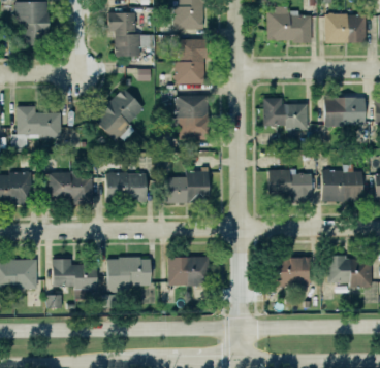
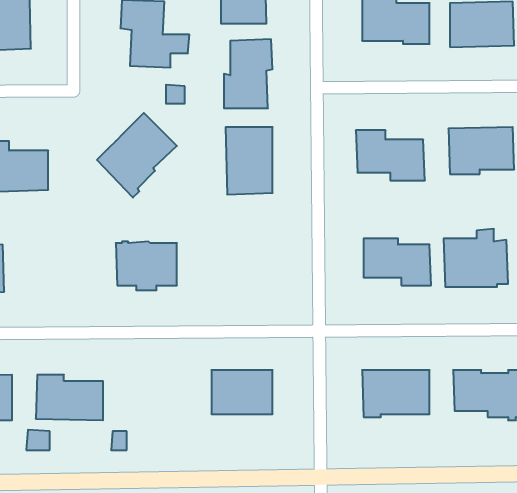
building: [164,169,208,201] -> none
building: [48,172,92,204] -> none
building: [106,257,151,292] -> none

